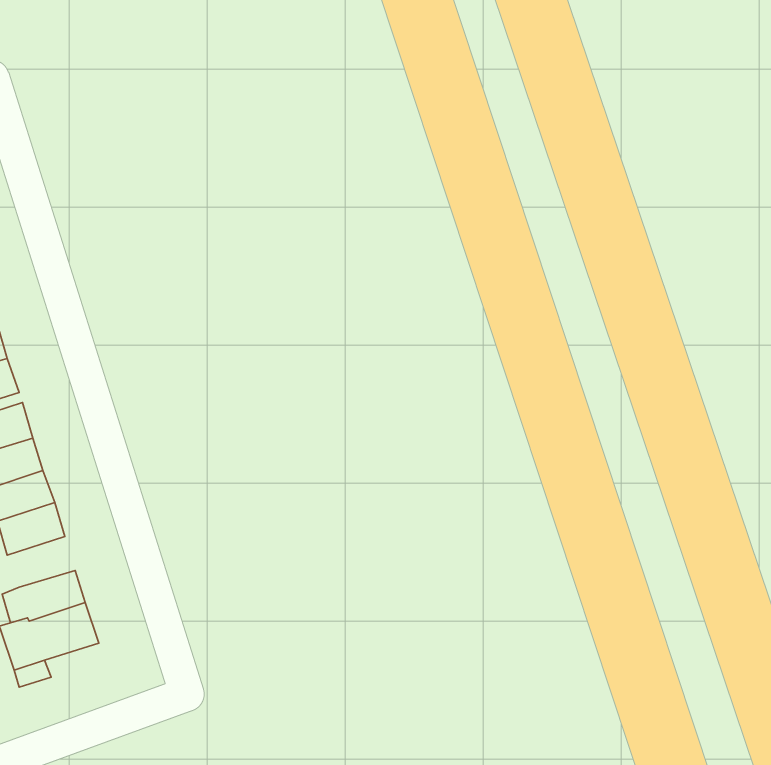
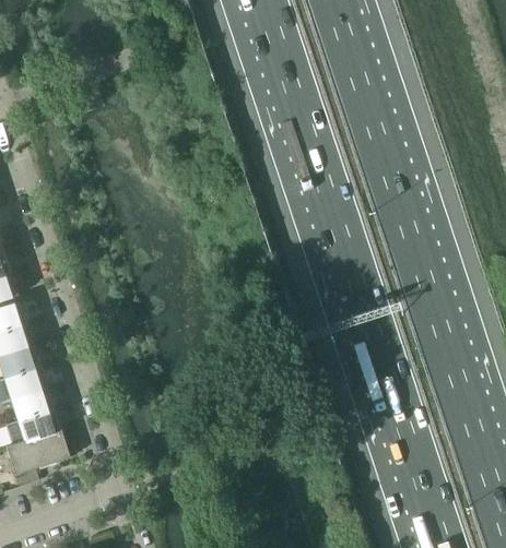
building: none -> [9,386,52,419]

